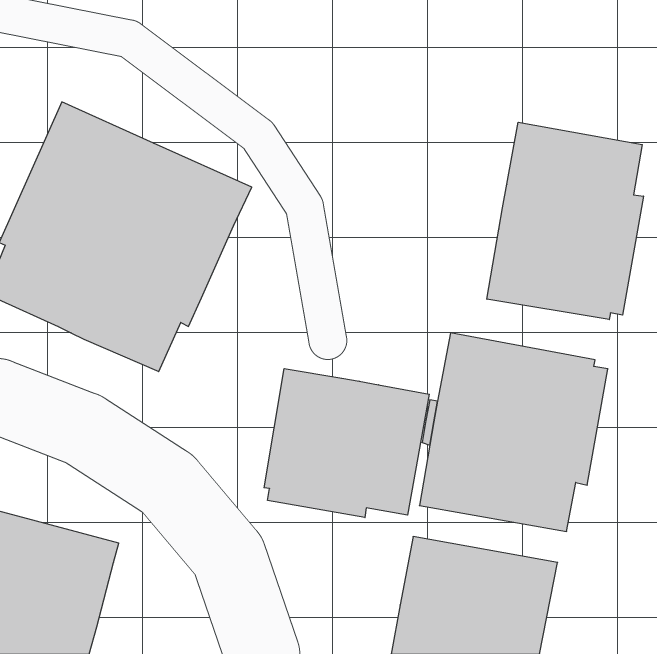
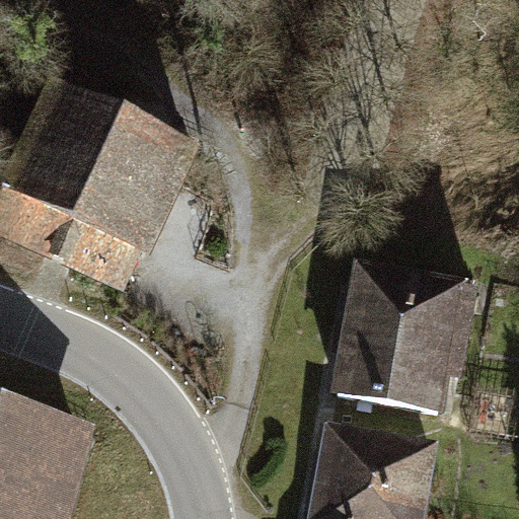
building: [487,122,643,320] -> none
building: [264,369,429,518] -> none

